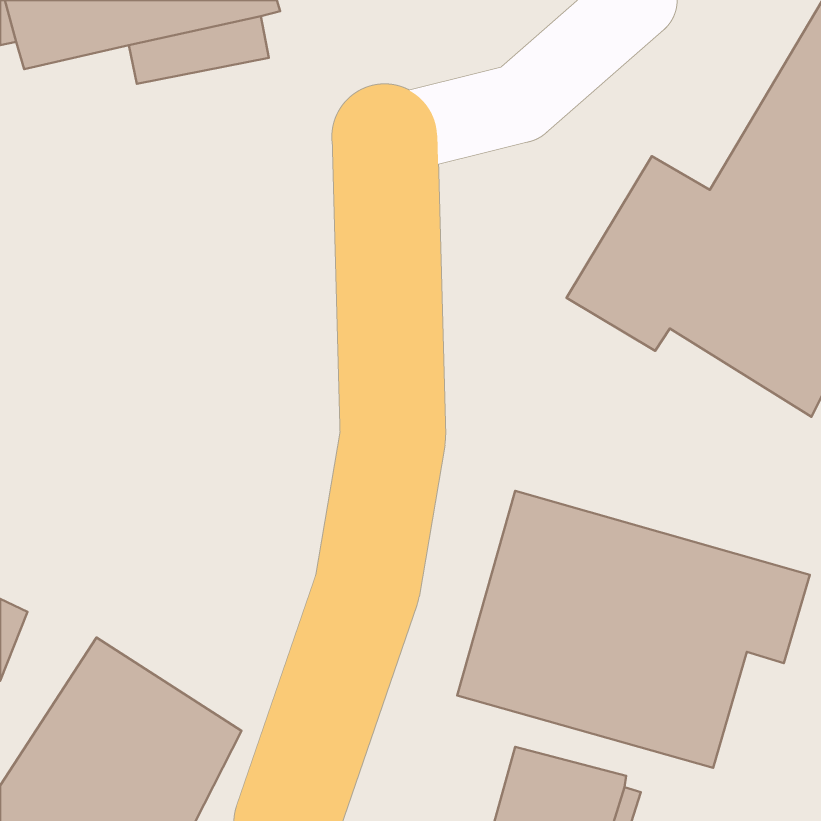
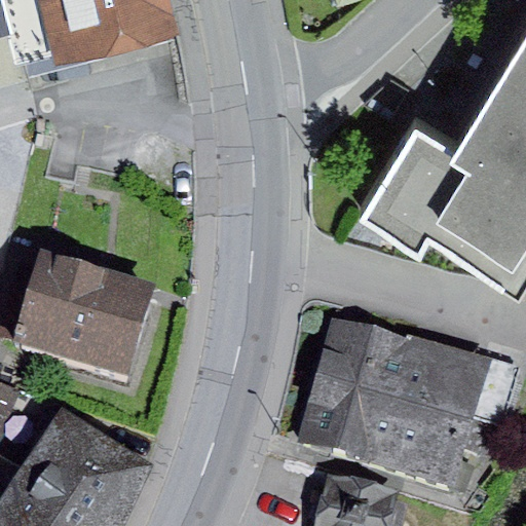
building: none -> [16,252,158,376]

